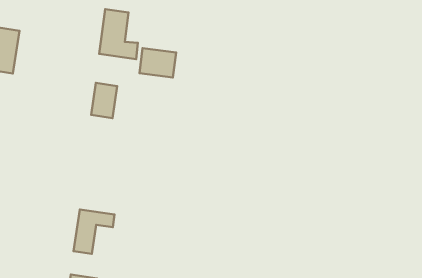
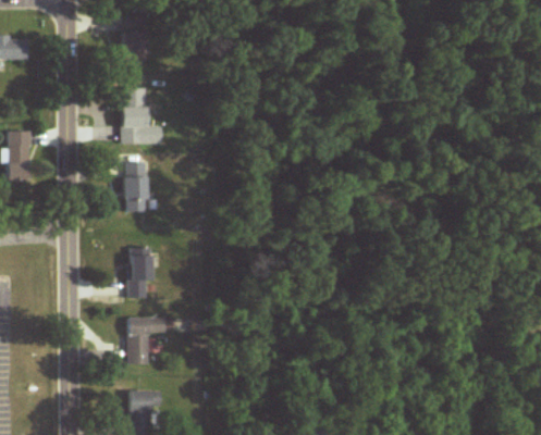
building: [139,48,176,78] -> none
building: none -> [128,252,149,298]

